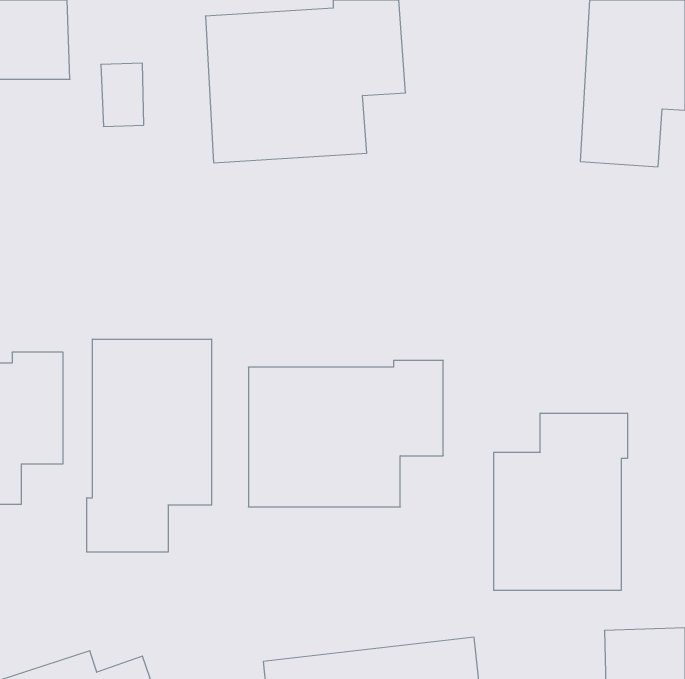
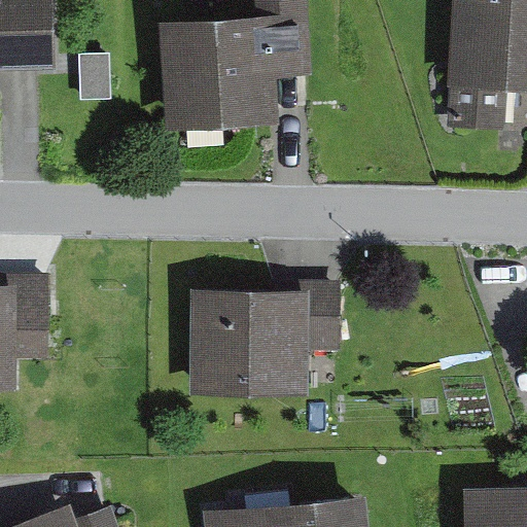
building: [87,339,212,552] -> none
building: [494,413,627,590] -> none

